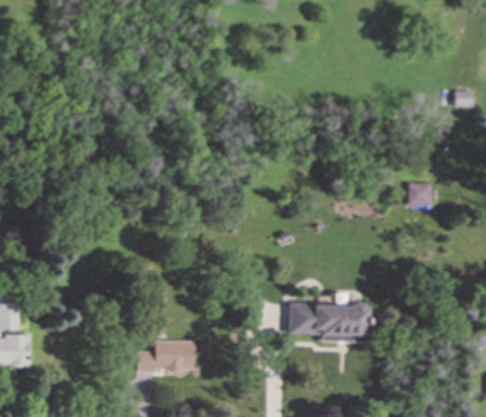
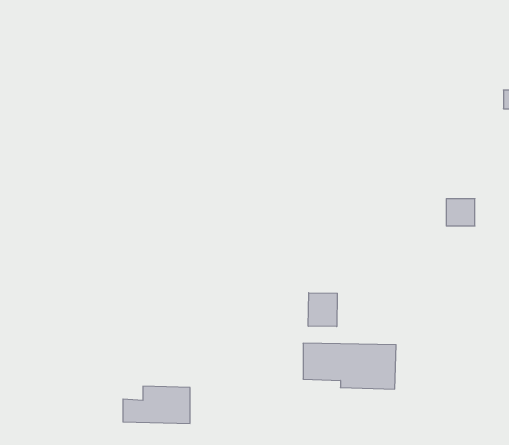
building: none -> [308,293,337,327]

